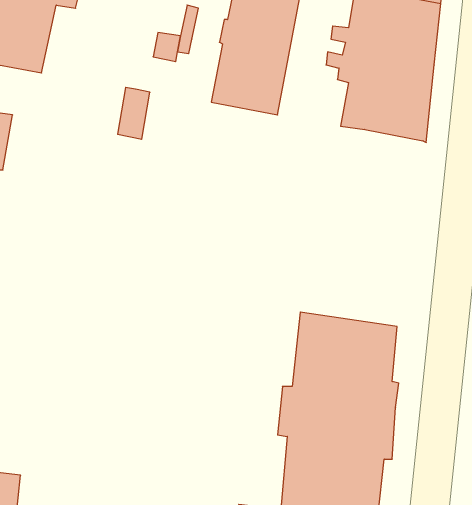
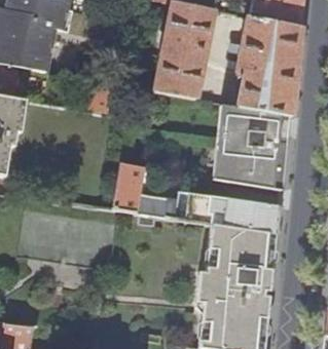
building: none -> [220,105,288,190]
building: none -> [112,163,279,234]

